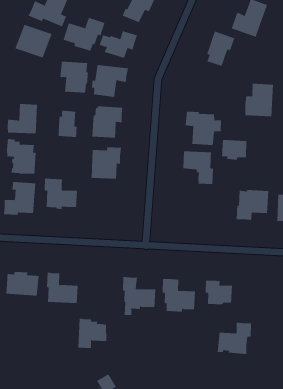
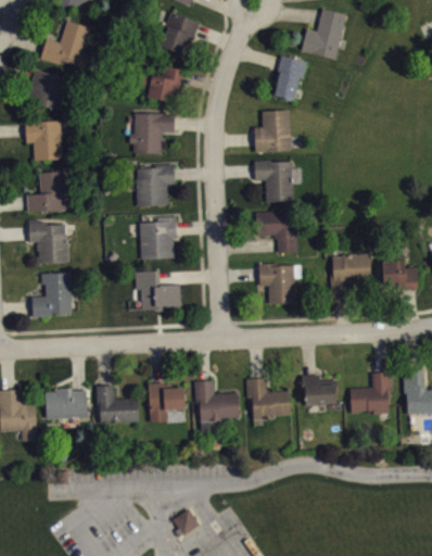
building: [63,17,105,52] -> none
building: [60,61,89,93] -> [26,121,63,161]
building: [244,83,274,117] -> [255,110,292,153]
building: [58,110,77,138] -> none
building: [222,139,247,160] -> none
building: [44,178,78,210] -> [136,271,181,311]
building: none -> [258,263,302,304]
building: [78,318,107,348] -> [148,382,187,421]
building: [217,322,252,355] -> [352,372,394,415]

